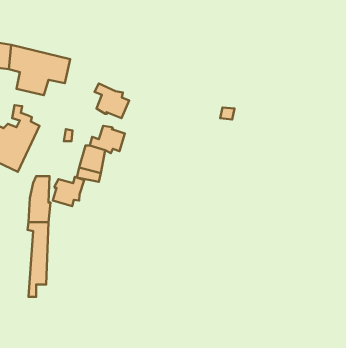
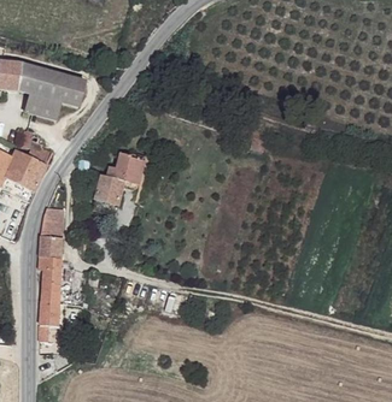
building: [94,83,129,118] -> none
building: [53,177,84,206] -> none

